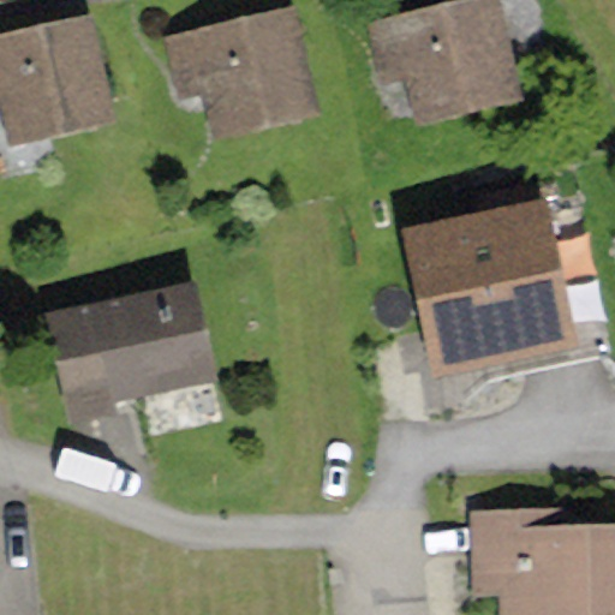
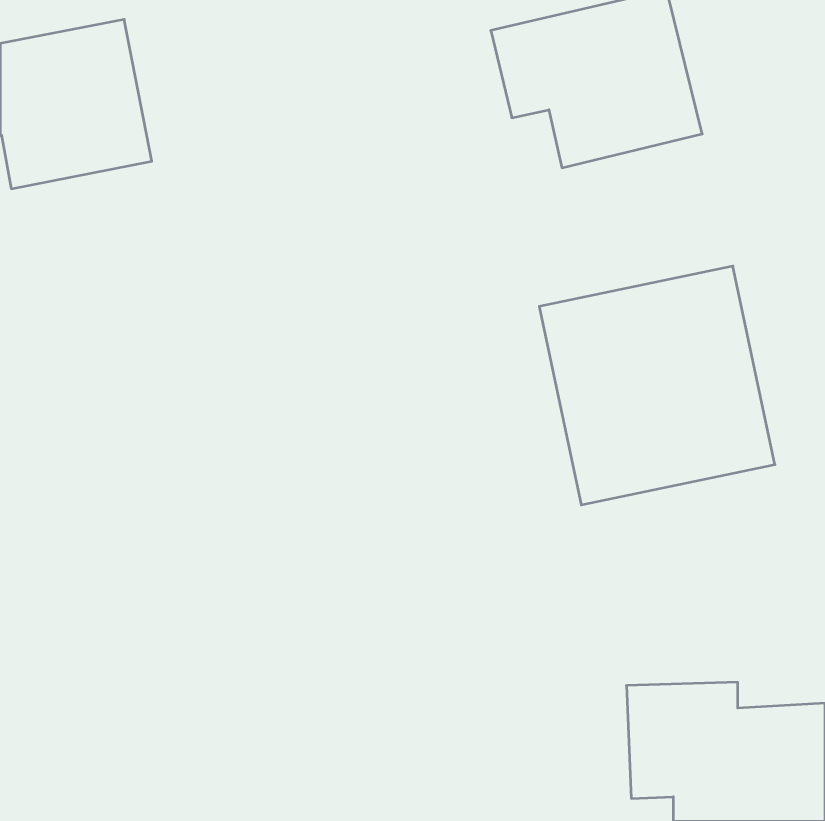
building: [166,10,317,141] -> none
building: [47,279,222,418] -> none

